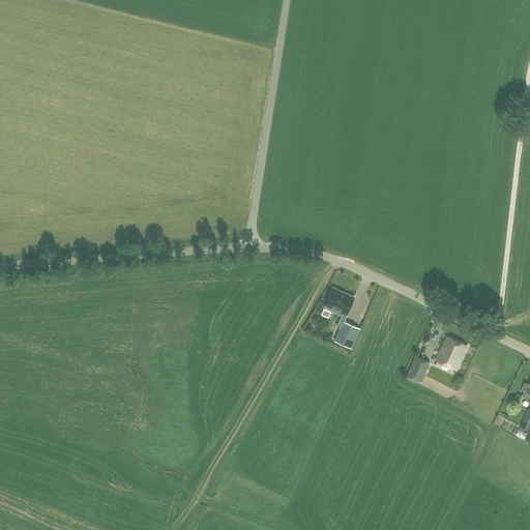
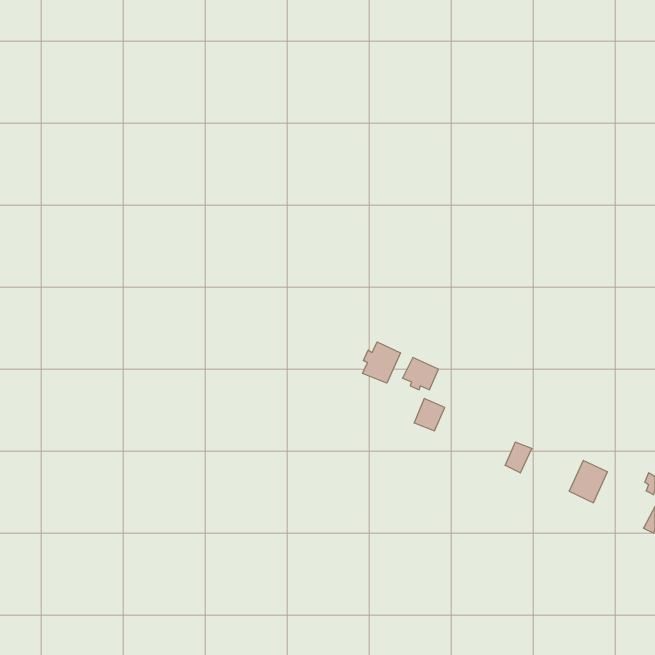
building: none -> [362,342,400,383]
building: [436,336,467,371] -> [569,460,608,503]

